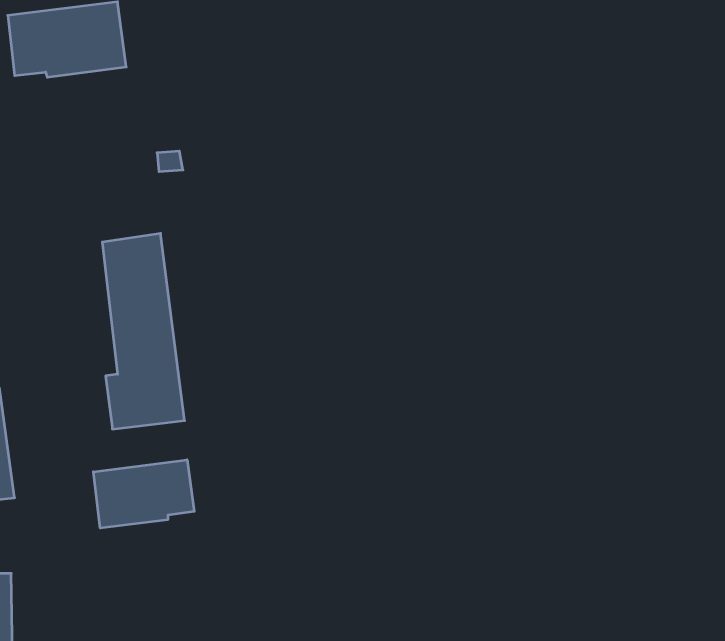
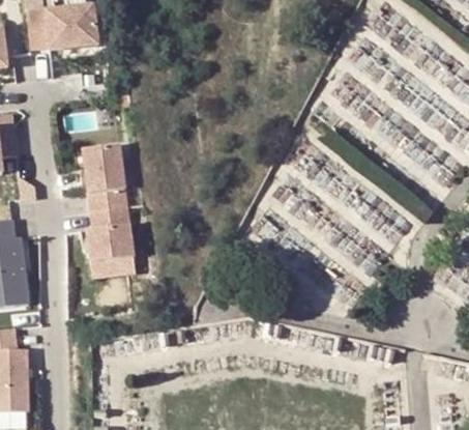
building: [93,460,194,528] -> none

